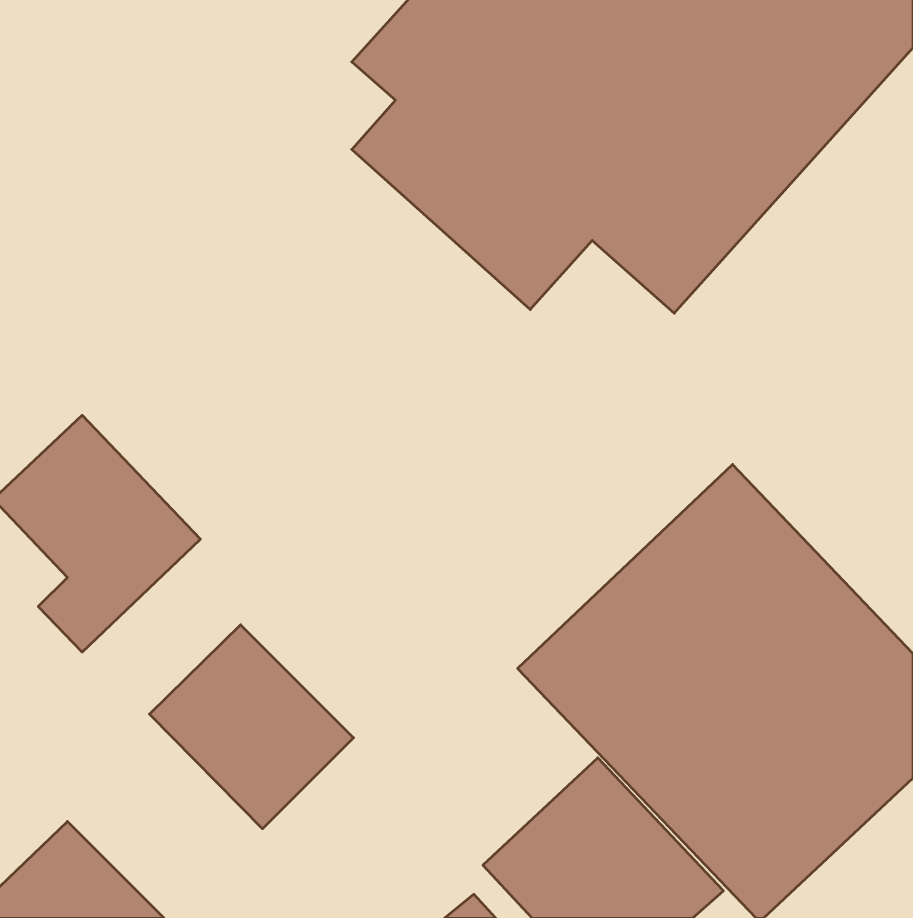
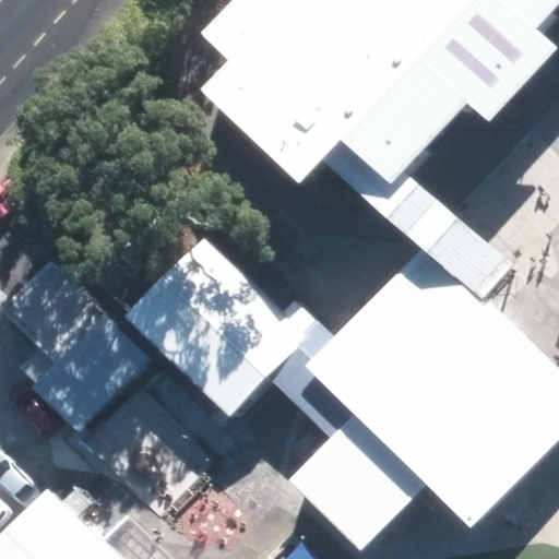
building: none -> [124,236,308,420]

